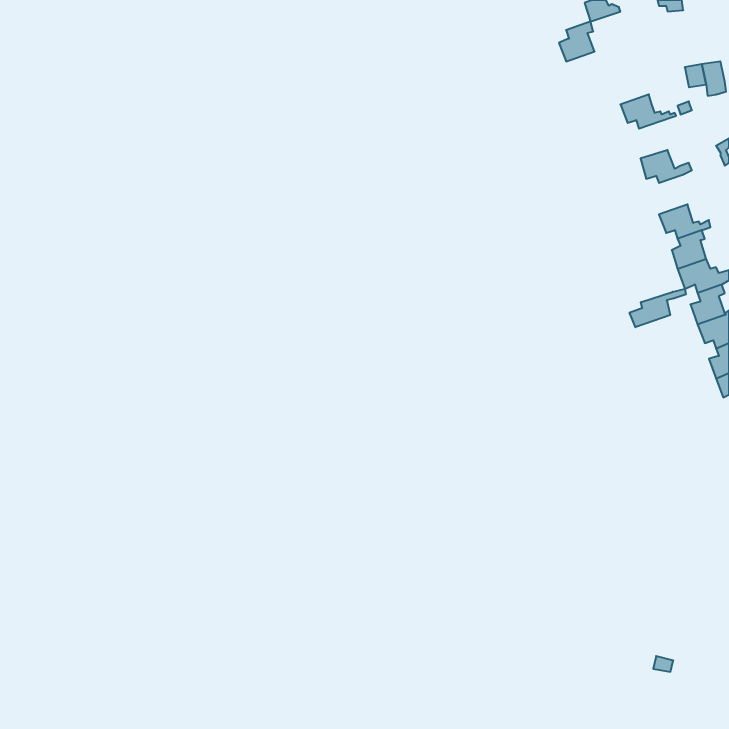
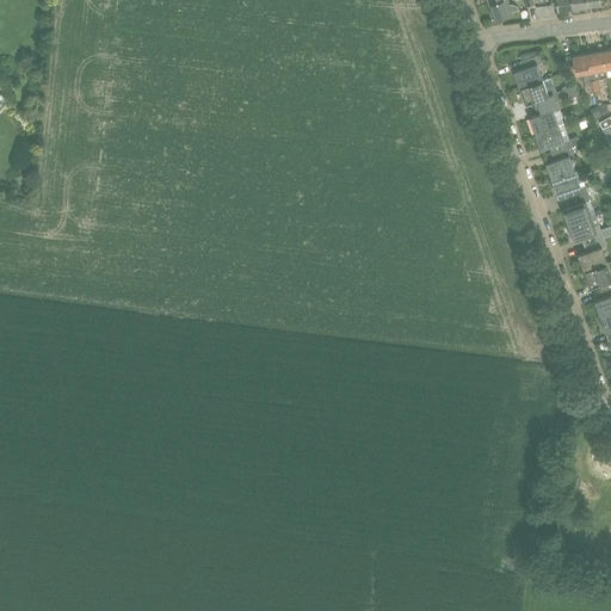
building: [559,21,595,61] -> [512,55,542,88]
building: none -> [529,99,563,134]
building: none -> [544,147,574,180]
building: [630,289,686,327] -> none

